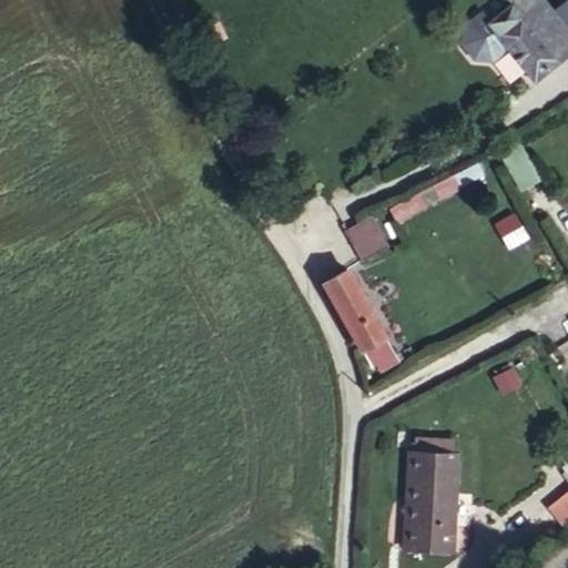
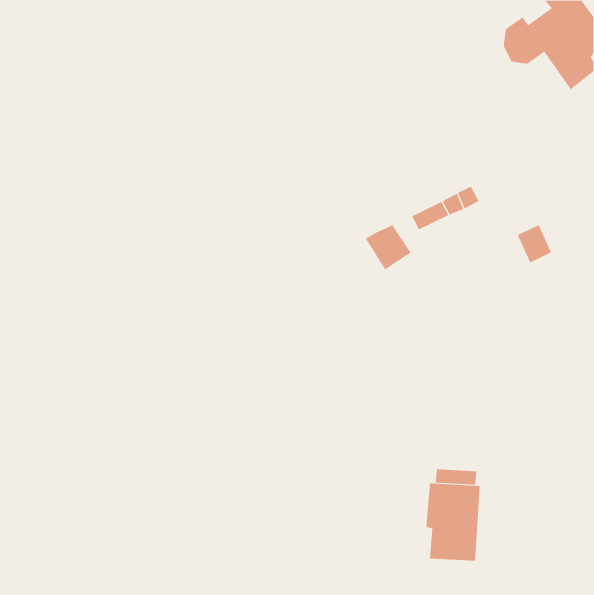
building: [325,267,408,372] -> none
building: [400,503,452,560] -> none

